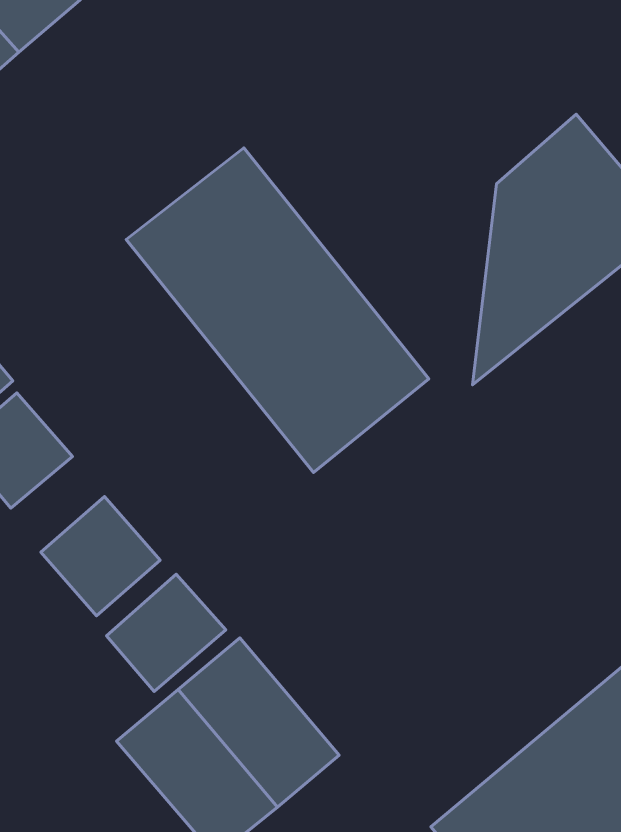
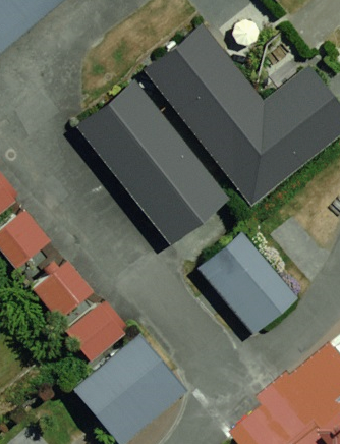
building: none -> [143,23,266,204]
building: none -> [197,233,300,340]

